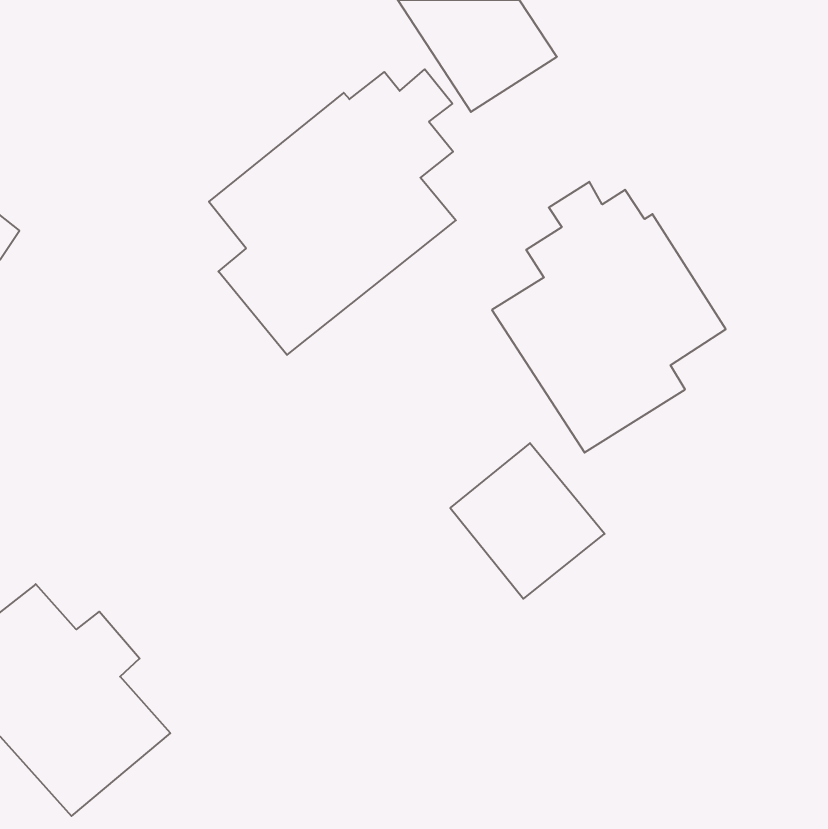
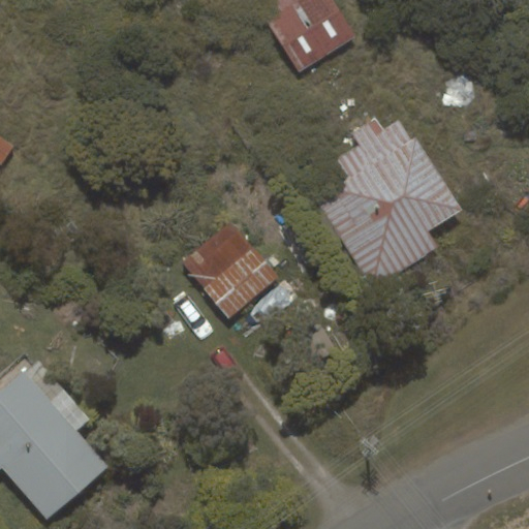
building: [209,69,456,355] -> none
building: [450,443,605,599] -> [181,220,279,319]

